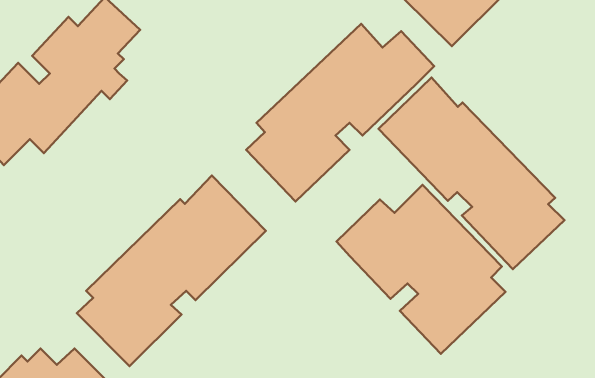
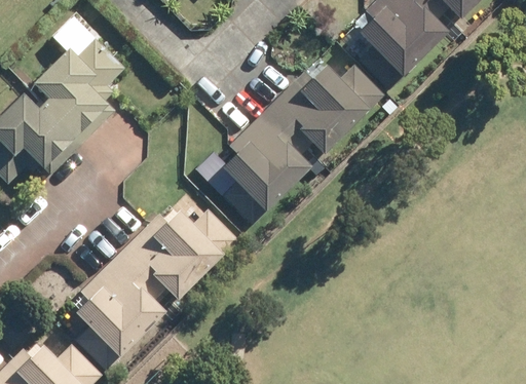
building: [379,78,564,269] -> none
building: [337,185,505,354] -> none

